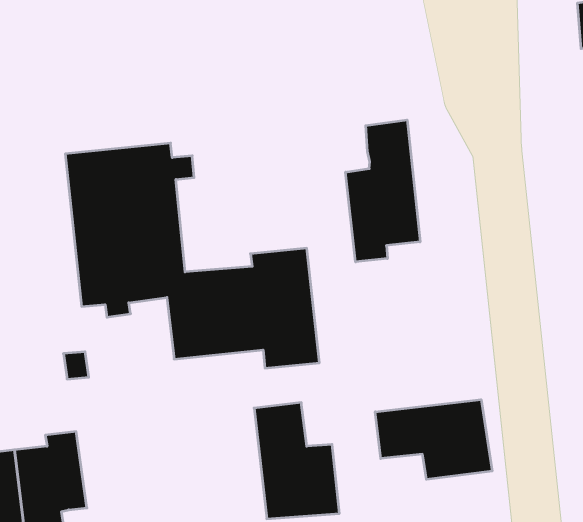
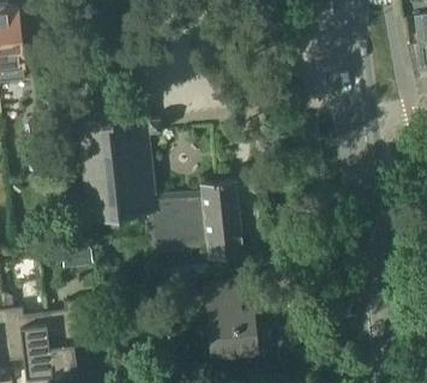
building: [346,120,420,262] -> none
building: [375,400,492,479] -> none

